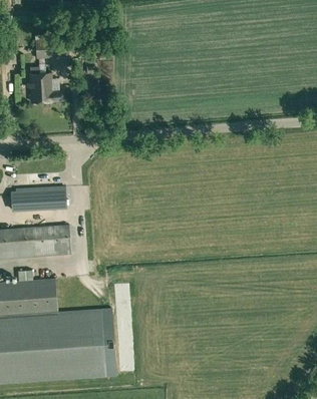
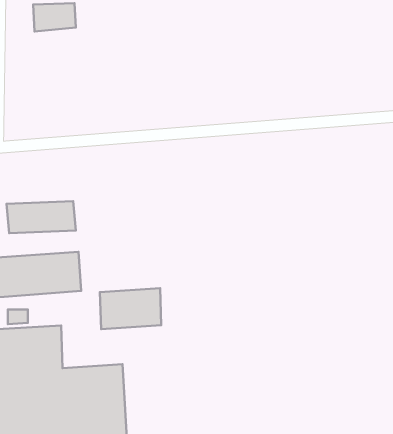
building: [31,73,64,102] -> none
building: none -> [100,288,161,329]

